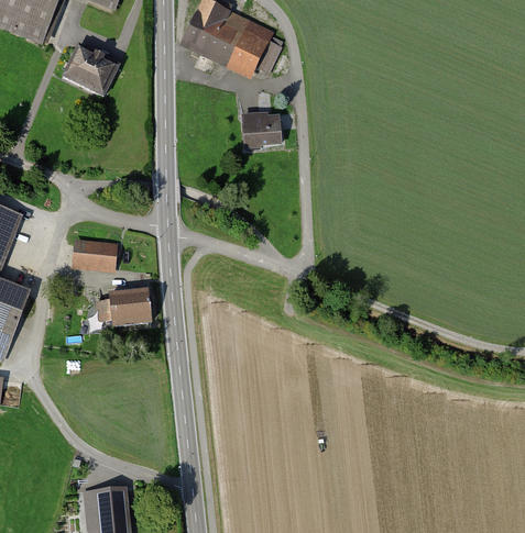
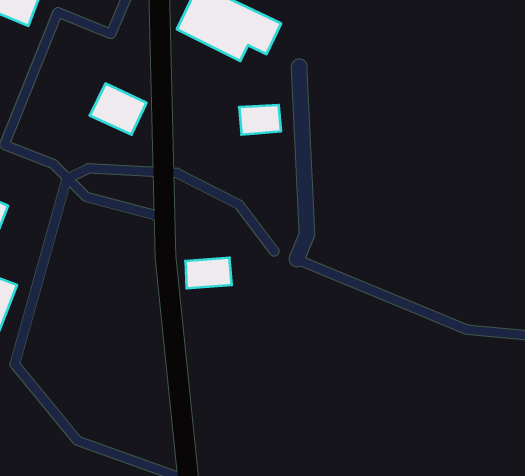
building: [64,44,119,93] -> [90,84,146,135]
building: [75,242,119,266] -> none
building: [108,293,153,323] -> [185,258,232,288]

